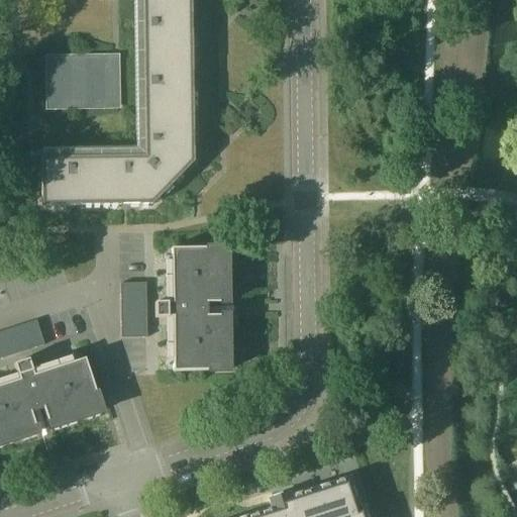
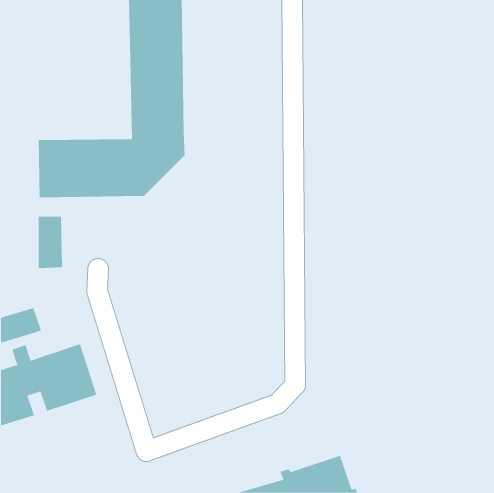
building: [45,54,121,109] -> none
building: [156,246,229,371] -> none
building: [121,283,147,337] -> [38,216,63,268]

